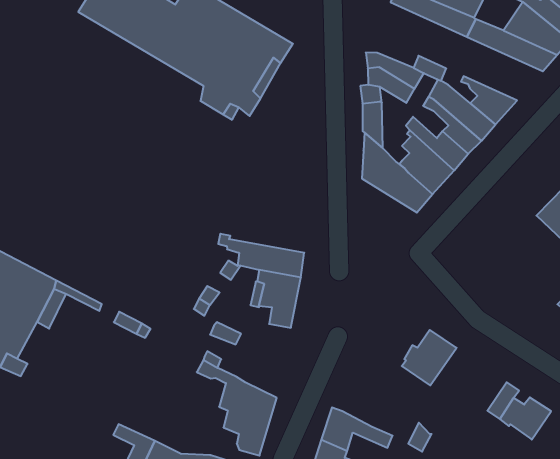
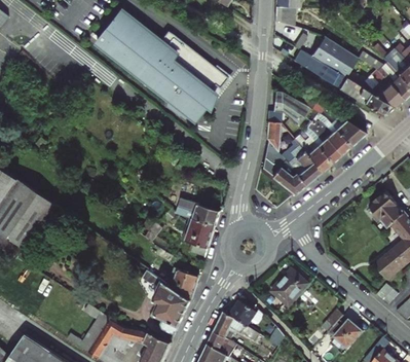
building: none -> [172,269,197,300]
building: none -> [230,299,264,326]

